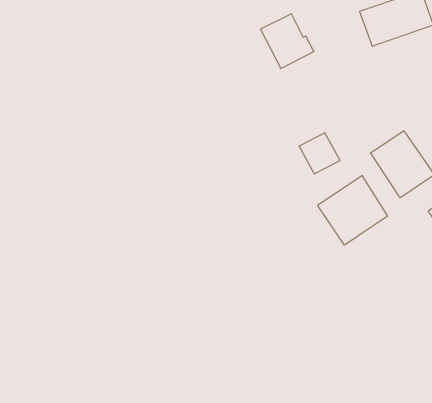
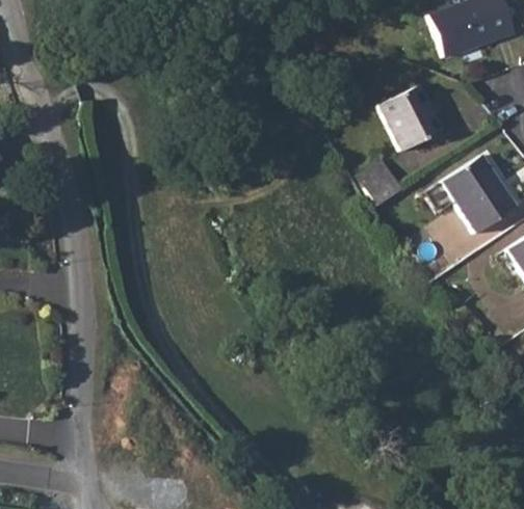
building: [260,14,314,68] -> [379,87,442,151]
building: [318,175,387,245] -> none

